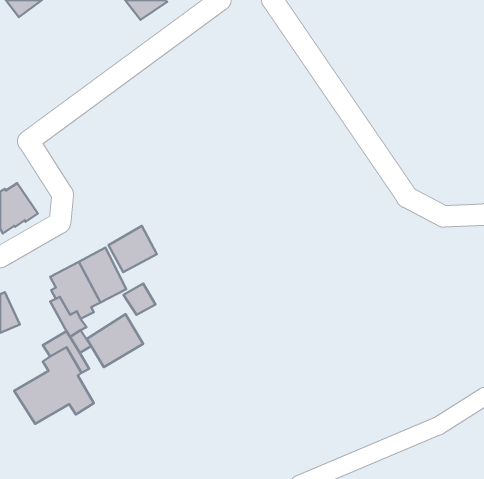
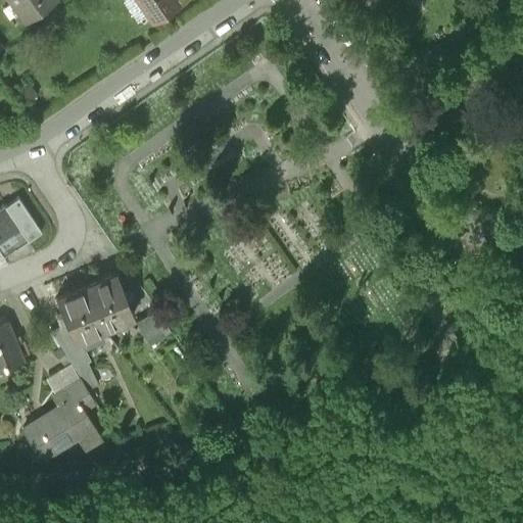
building: [108,226,157,272] -> none
building: [87,314,143,367] -> none

